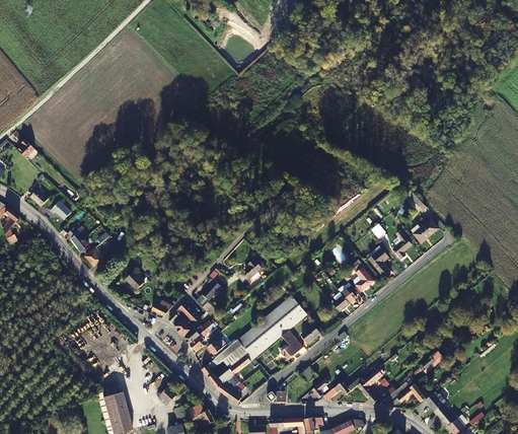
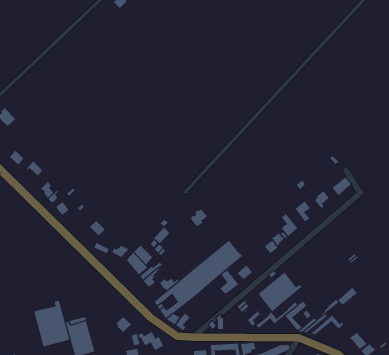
building: none -> [258,272,302,312]
building: none -> [33,300,70,347]

